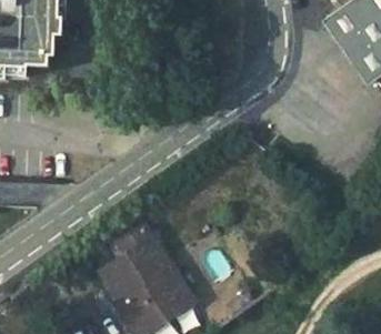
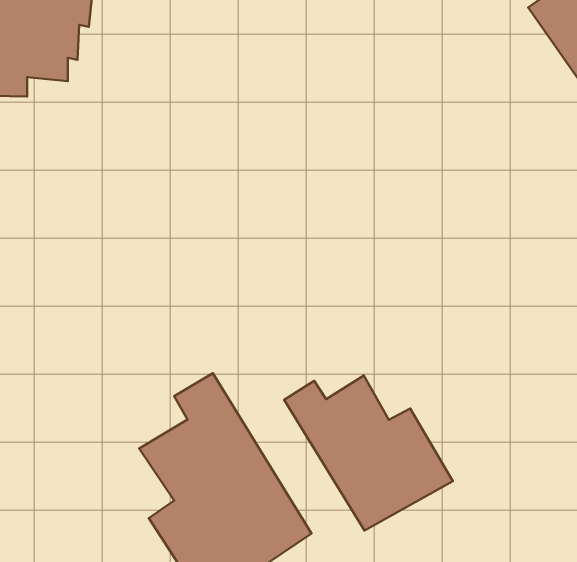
building: none -> [284,375,453,530]

